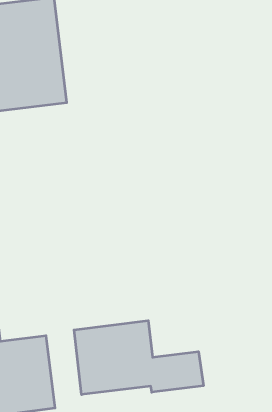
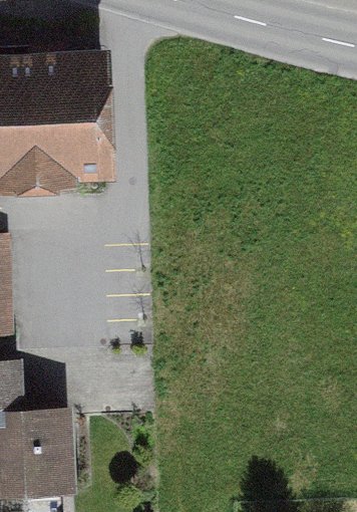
building: [74,321,203,395] -> none

